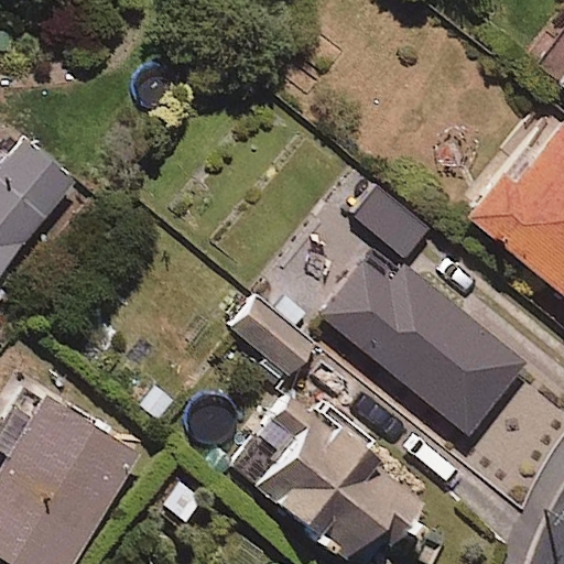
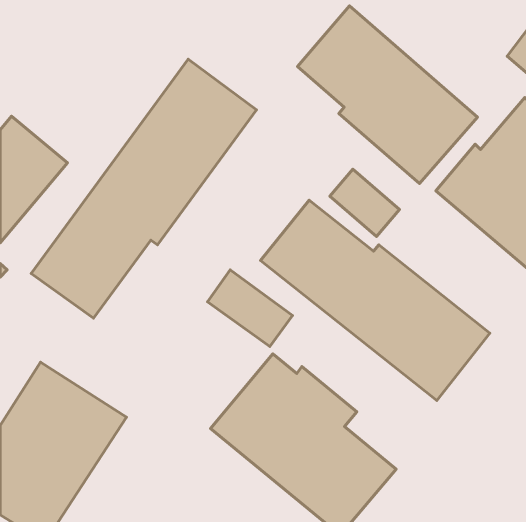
building: none -> [298,6,478,184]
building: none -> [31,59,257,318]

